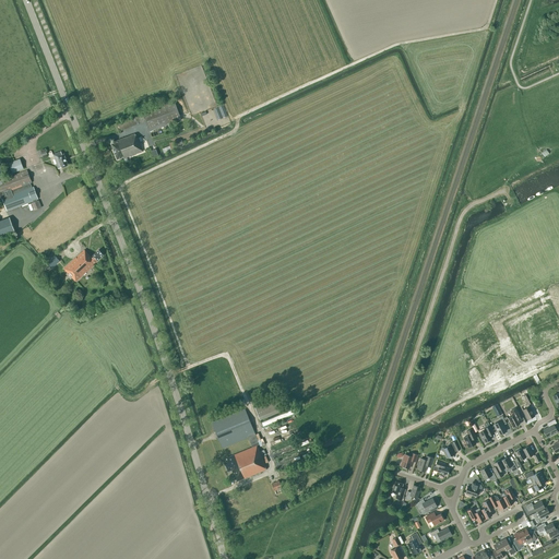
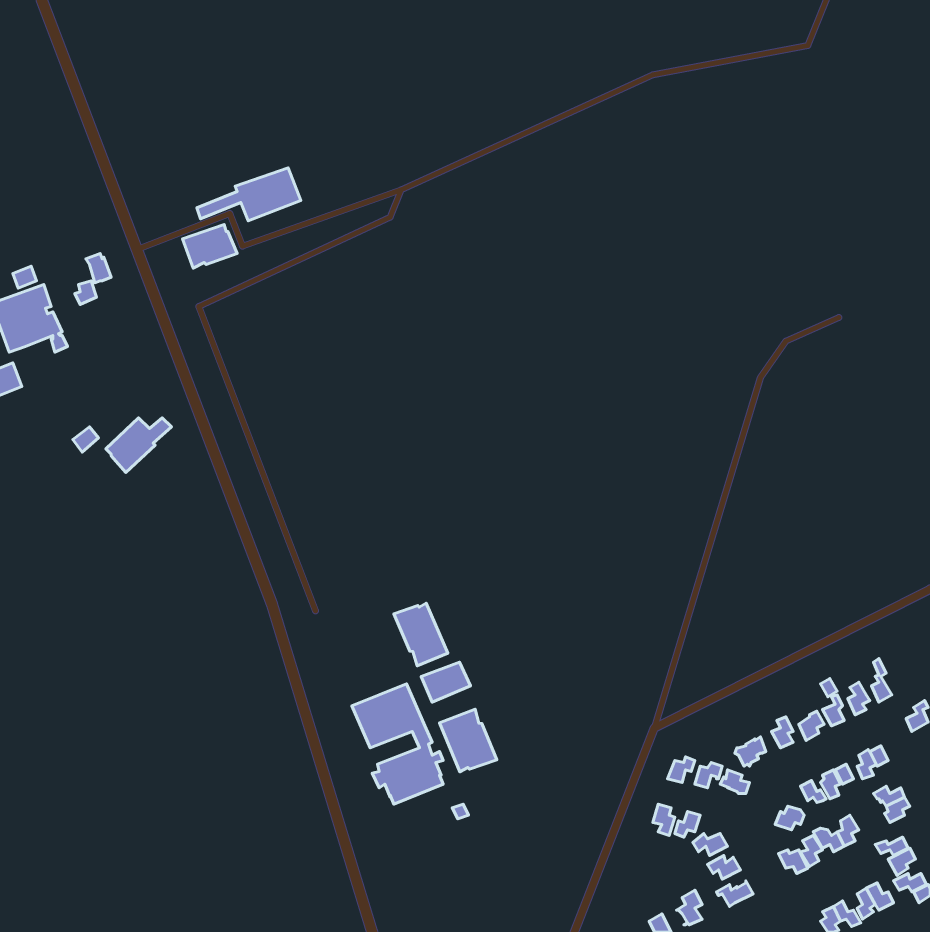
building: none -> [394,603,448,666]
building: none -> [440,709,497,772]

